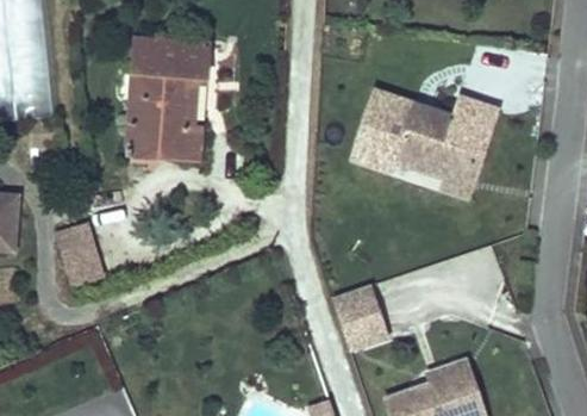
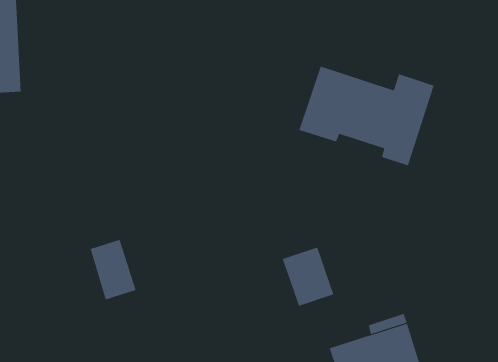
building: [125,45,206,169] -> none
building: [56,218,107,285] -> [90,239,137,300]

